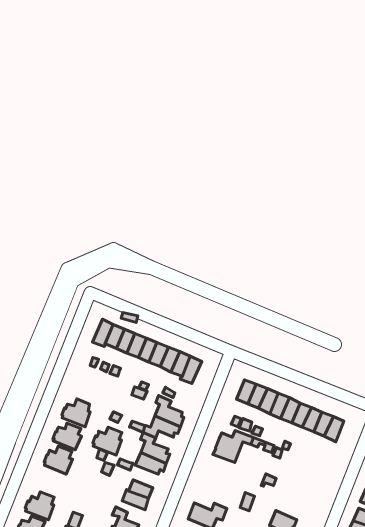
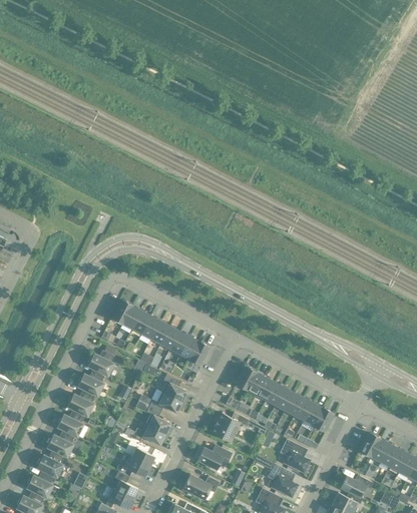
building: [93,427,122,455] -> [87,350,114,376]
building: none -> [281,439,309,472]
building: none -> [46,431,73,457]
building: none -> [196,447,232,471]
building: none -> [268,464,297,497]

